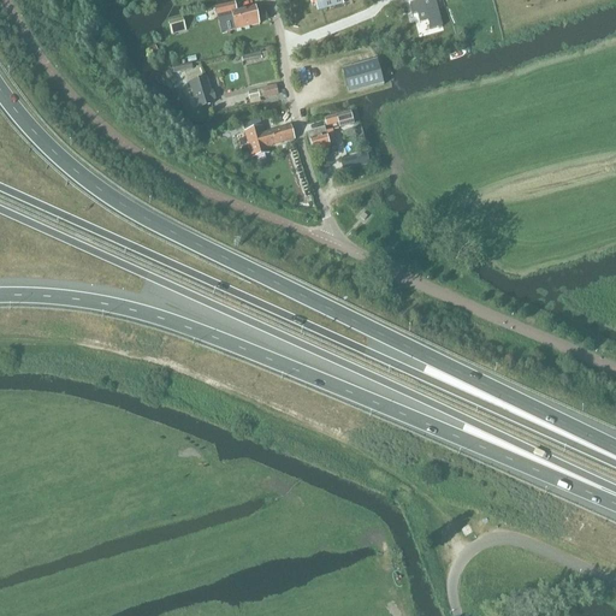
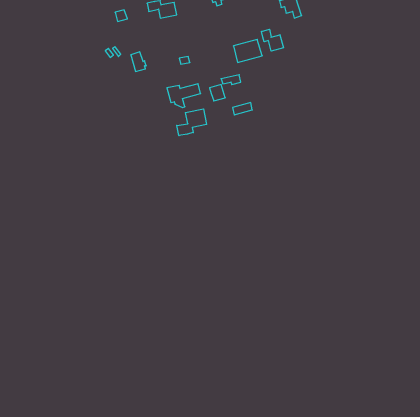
building: none -> [261,29,283,51]
building: none -> [177,109,207,136]

